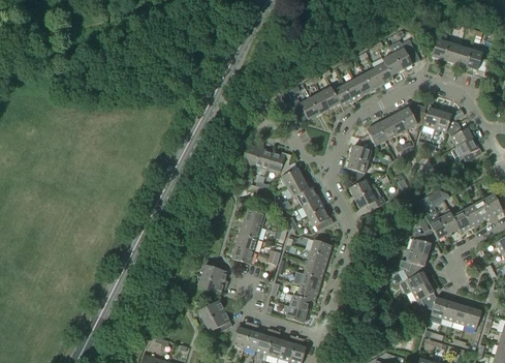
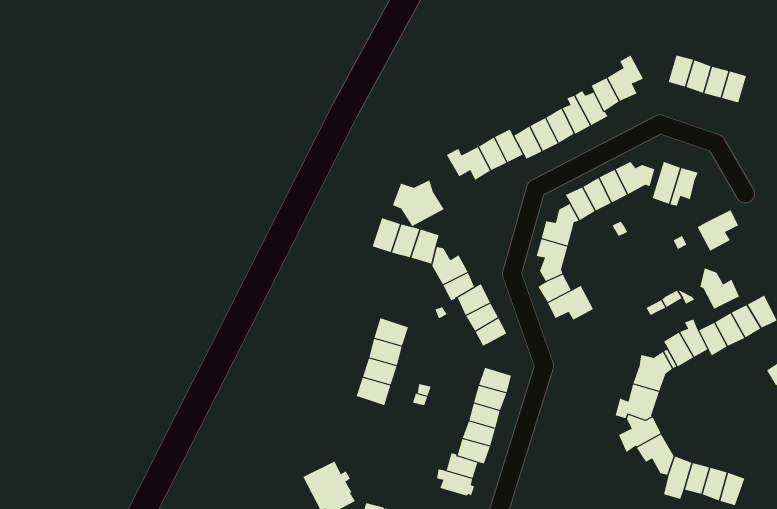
building: none -> [392,180,445,227]
building: [446,119,472,146] -> [699,268,740,310]
building: [198,260,228,294] -> none

